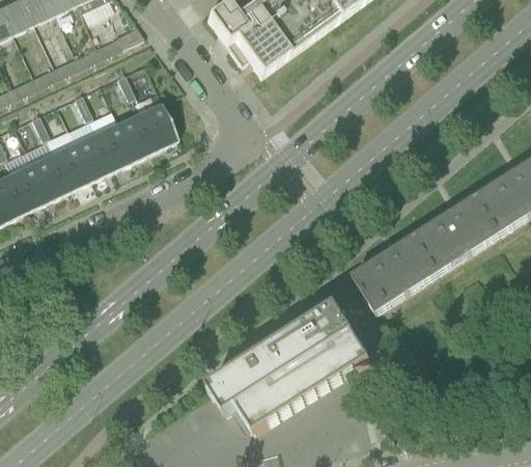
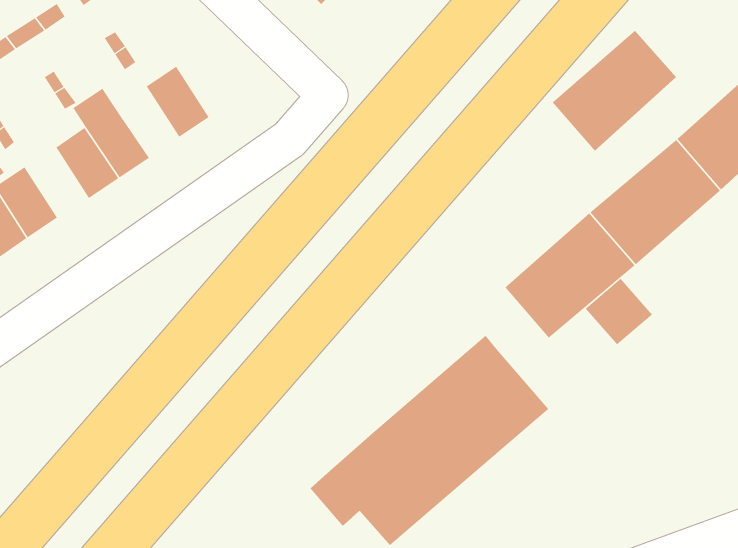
building: [116,111,155,158] -> none
building: none -> [552,30,677,151]
building: [52,142,90,188] -> none
building: none -> [585,278,653,345]

